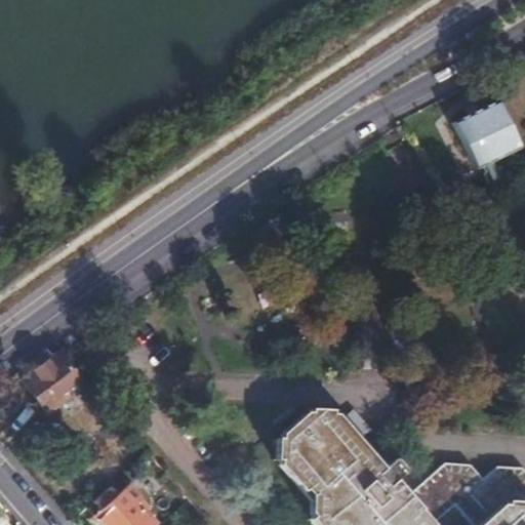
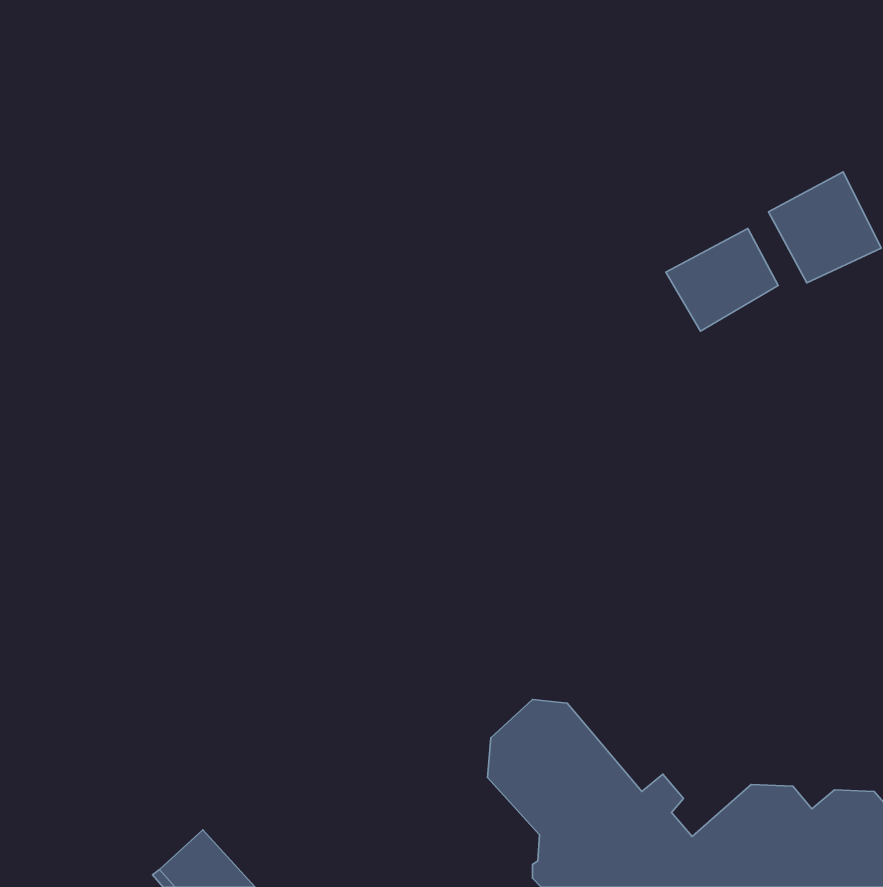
building: none -> [666,228,778,331]
building: [25,353,83,412] -> none

